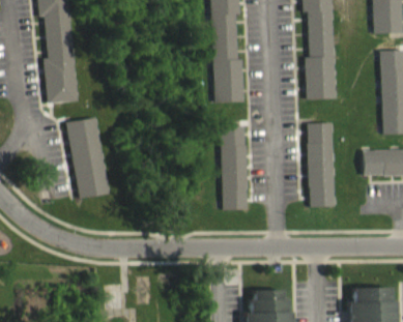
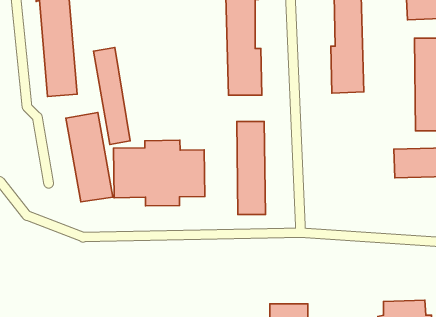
building: none -> [94,47,130,144]
building: [308,122,335,207] -> none
building: none -> [113,140,205,206]

